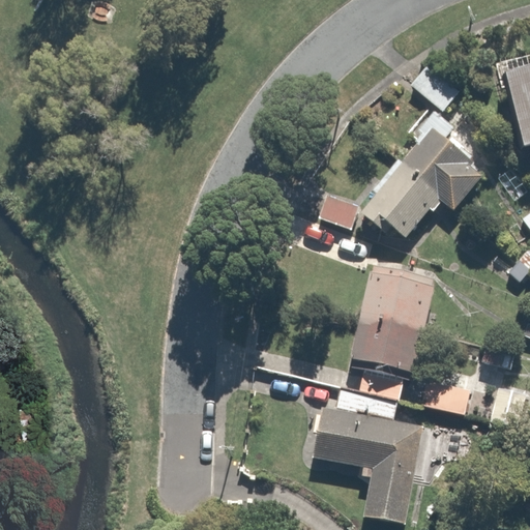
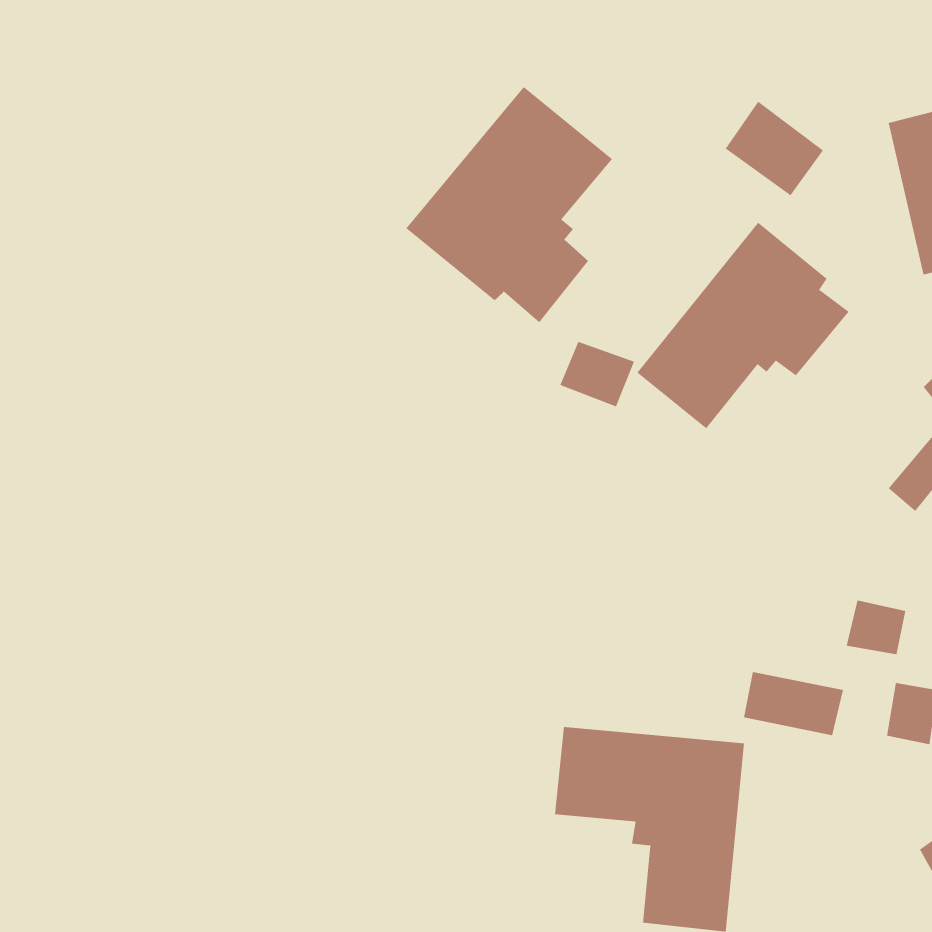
building: none -> [405,86,613,323]
building: [350,263,443,401] -> none

